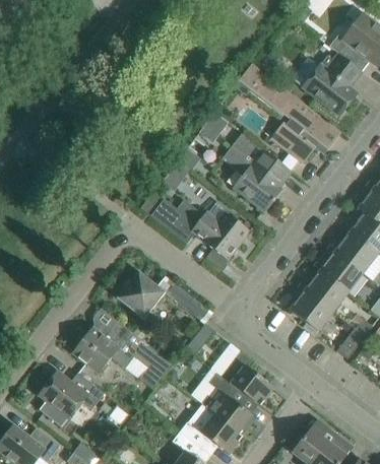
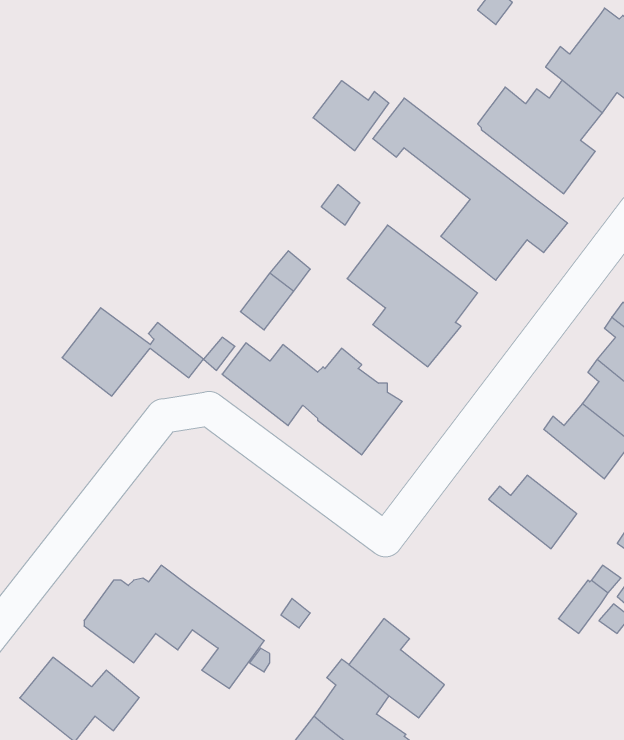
building: none -> [313,81,389,151]
building: [313,246,362,292] -> none
building: [116,270,194,319] -> [62,308,204,396]
building: [290,284,332,331] -> none

